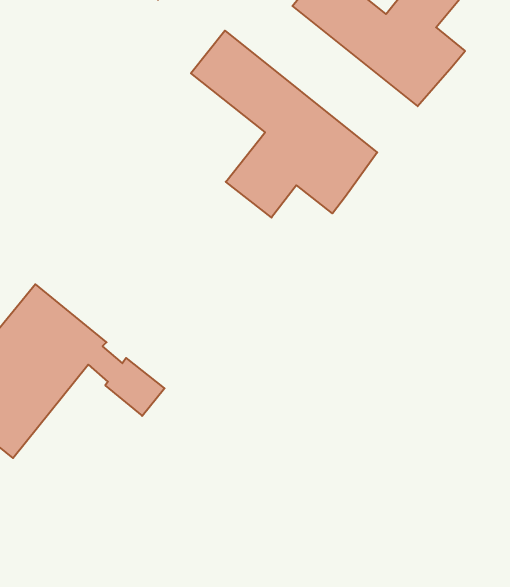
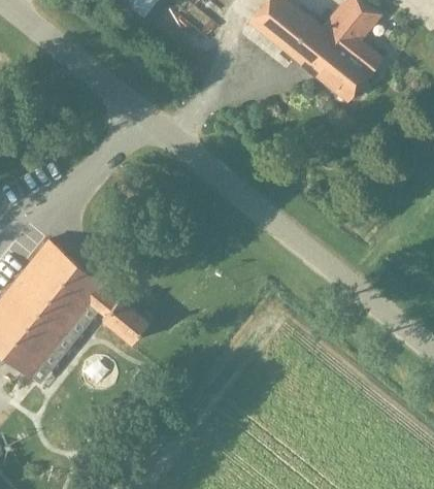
building: [191,31,377,218] -> none

